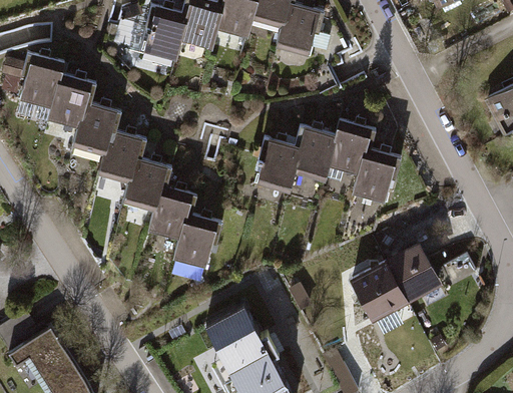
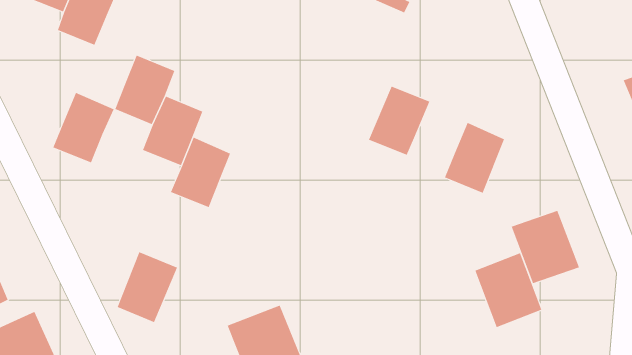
building: [71,100,114,152] -> [52,92,114,163]
building: [327,120,370,172] -> none
building: [255,138,299,189] -> none
building: [173,214,215,266] -> [117,252,178,323]
building: [351,259,407,317] -> [511,210,580,284]

